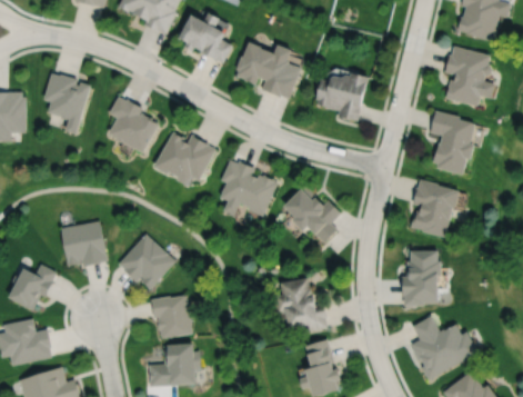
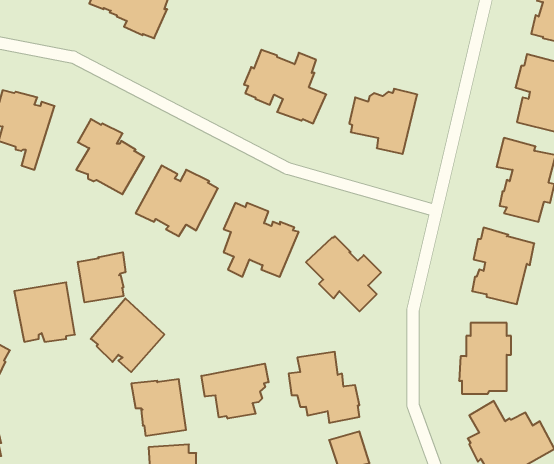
building: [180,13,233,63] -> none
building: none -> [78,252,125,302]
building: none -> [201,364,269,419]

